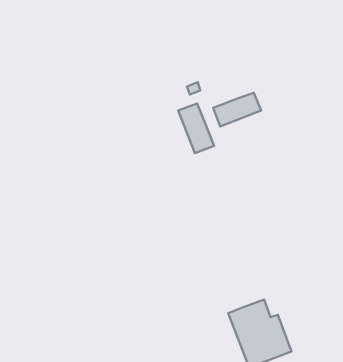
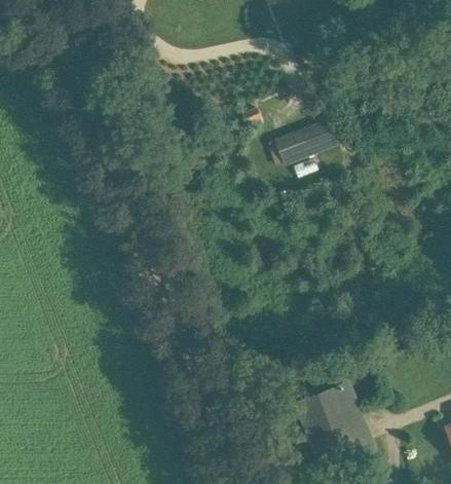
building: [178,103,214,153] -> none

